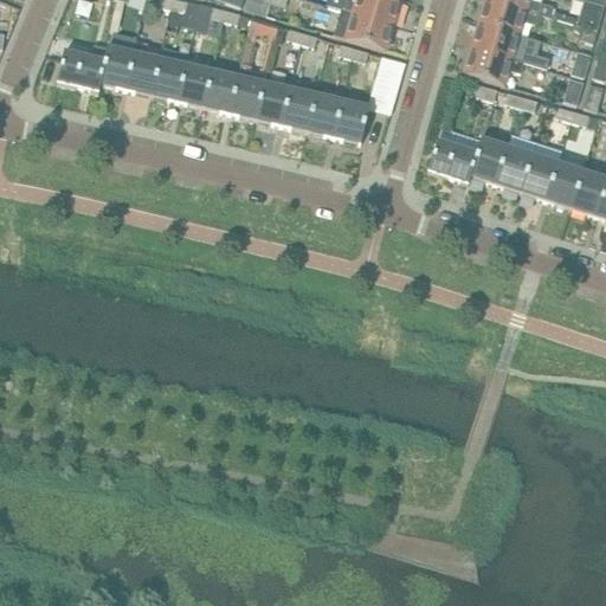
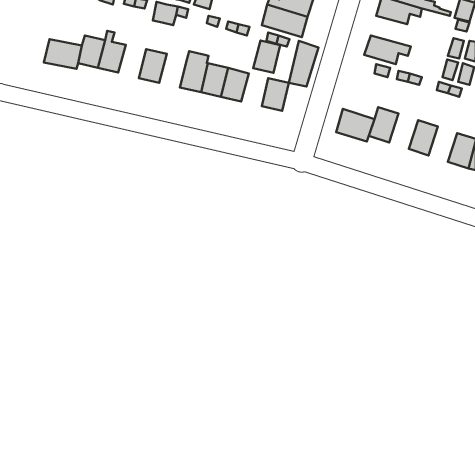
building: [472,20,550,66] -> none
building: [152,45,189,99] -> none
building: [204,69,239,111] -> none
building: [308,94,342,135] -> [253,40,280,73]
building: [496,144,533,189] -> none
building: [546,161,582,206] -> none

